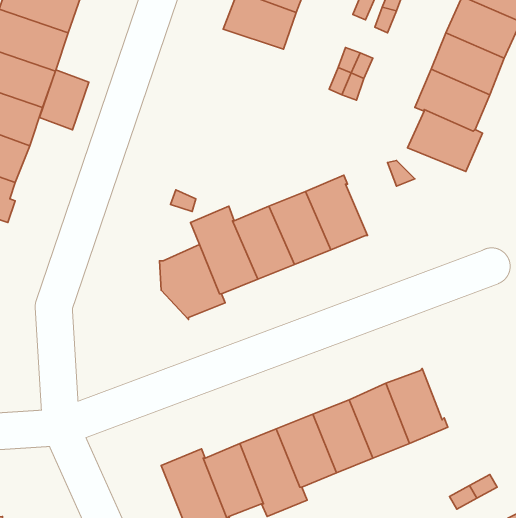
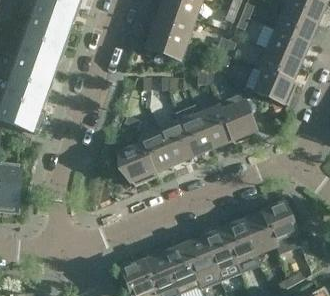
building: none -> [147,26,187,58]
building: [39,70,89,130] -> none
building: none -> [221,102,257,144]
building: none -> [260,199,295,240]

